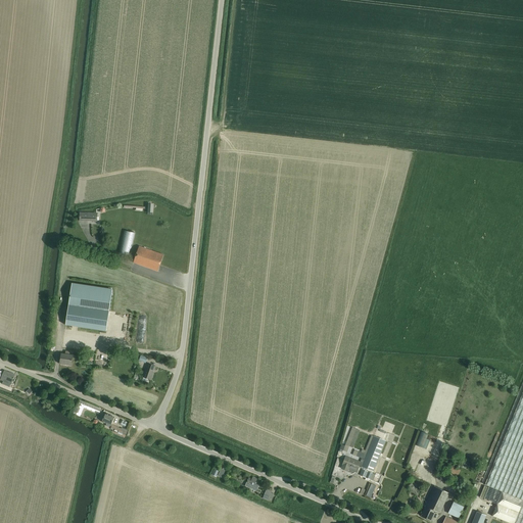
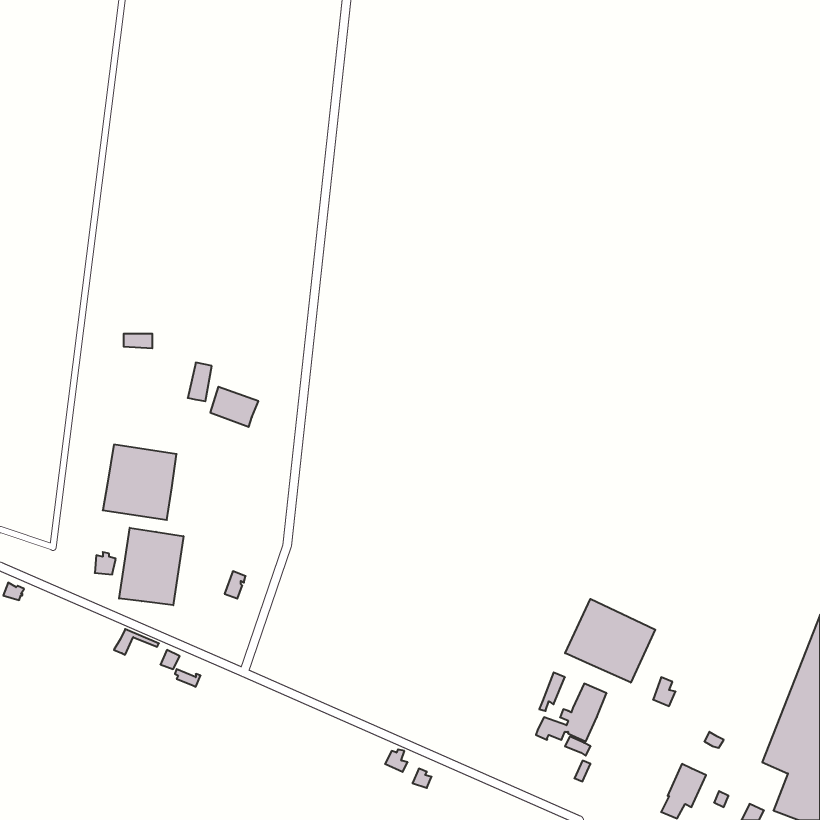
building: none -> [119,528,183,605]
building: none -> [565,599,655,683]

